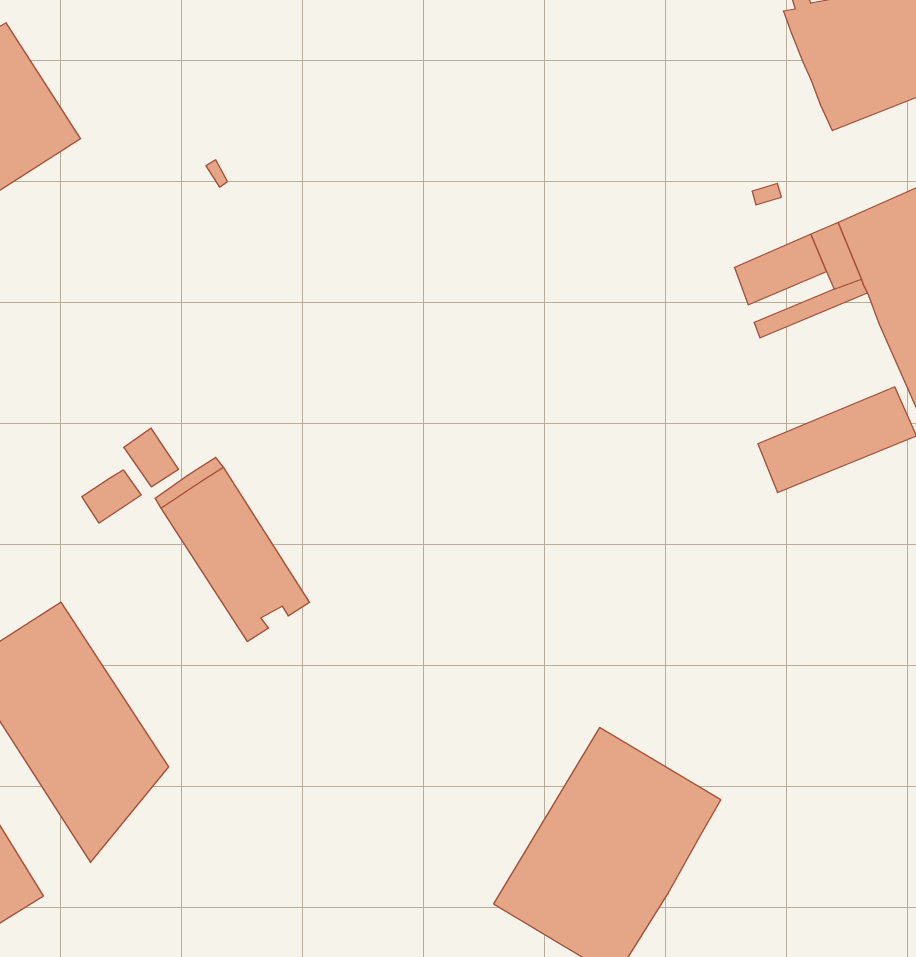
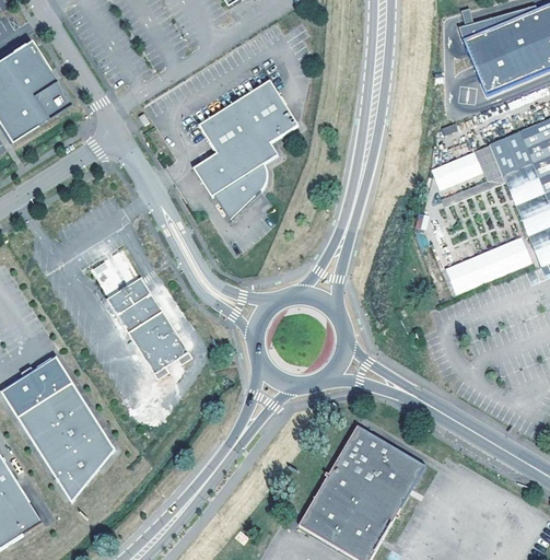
building: none -> [192,78,297,220]
building: [82,470,141,523] -> none

